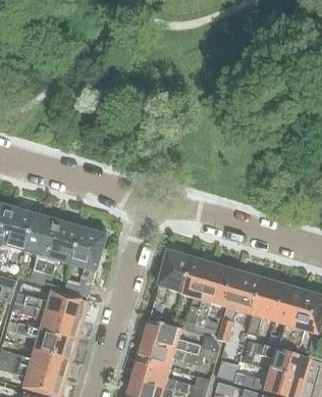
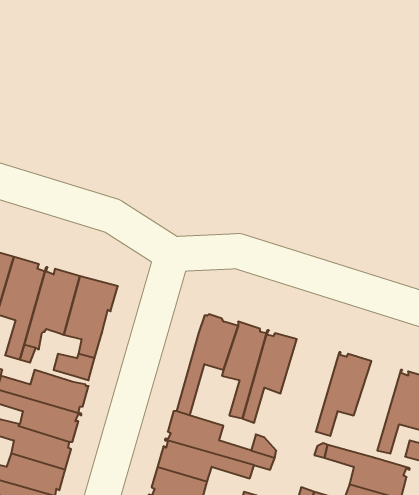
building: [217,268,263,342] -> none
building: [273,284,306,346] -> none

